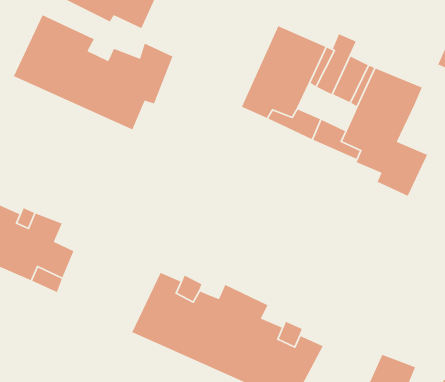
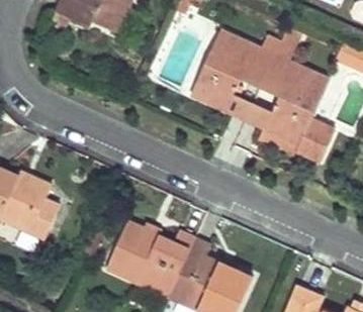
building: [13,14,174,131] -> none

